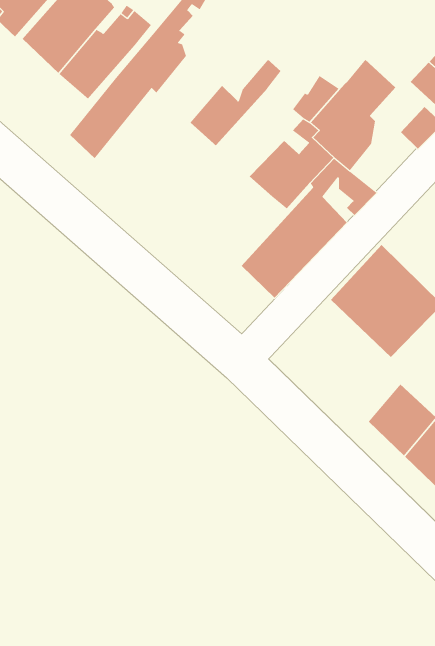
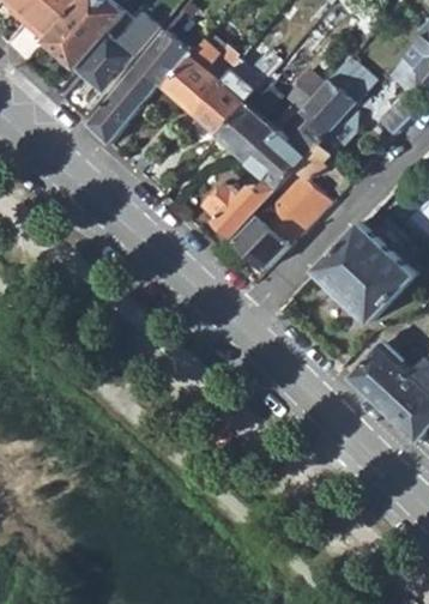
building: none -> [162,38,219,113]
building: none -> [214,83,277,161]
building: none -> [209,179,277,237]

